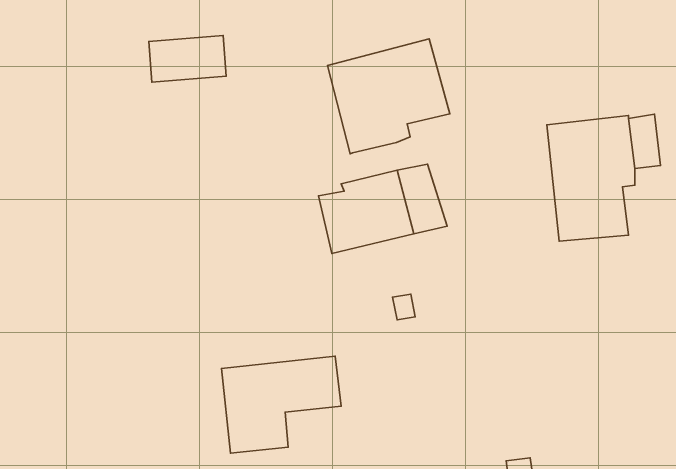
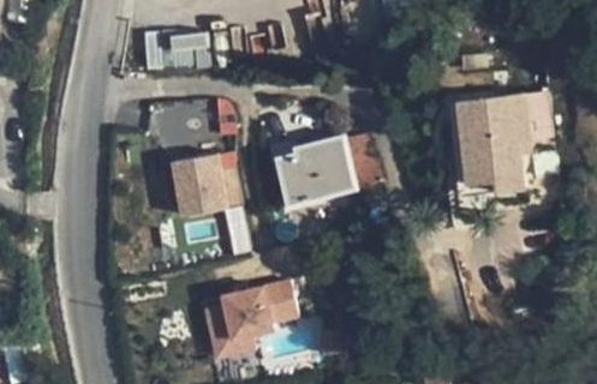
building: [328,39,450,154] -> none
building: none -> [168,154,244,253]

